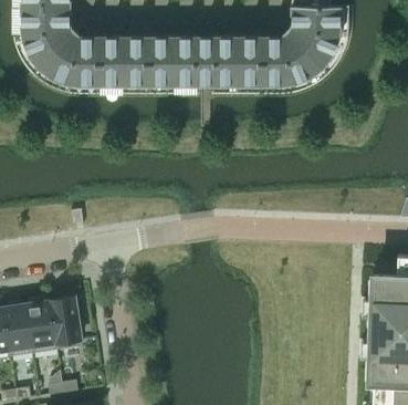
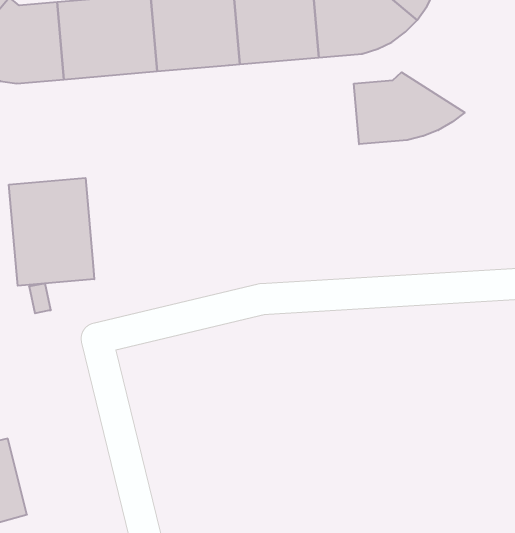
building: none -> [354,72,465,144]
building: none -> [9,178,94,286]
building: [51,298,87,350] -> none

